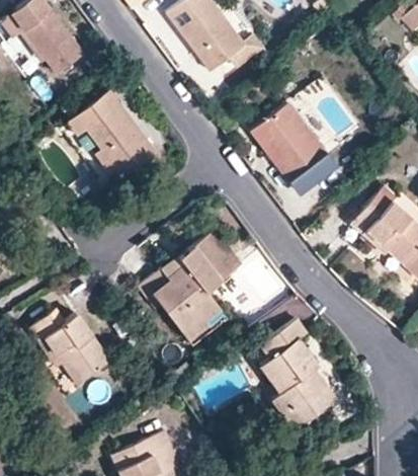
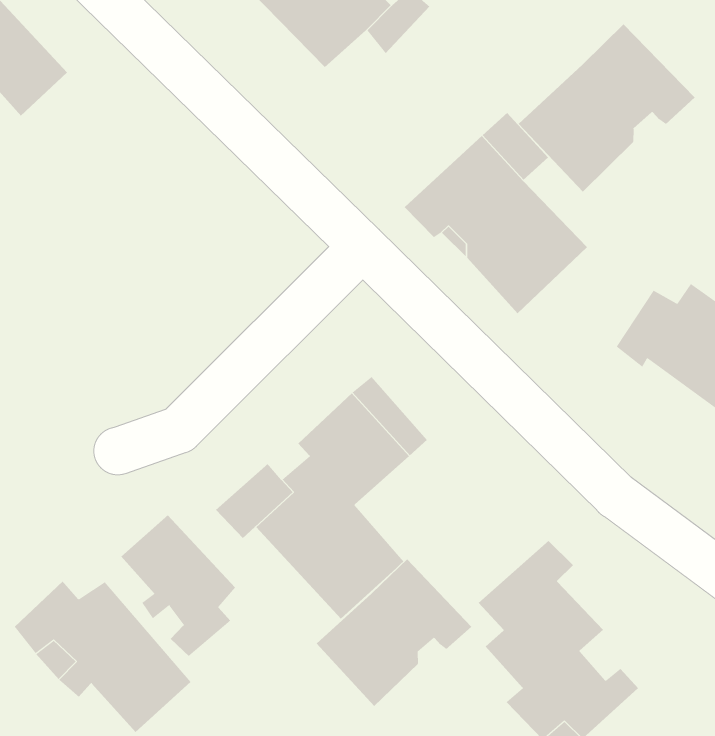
building: none -> [518,24,696,193]
building: [71,87,156,178] -> none
building: none -> [121,515,236,657]
building: none -> [316,559,472,707]

